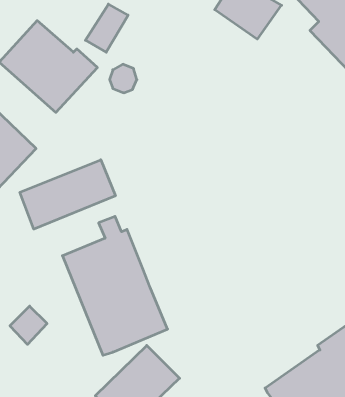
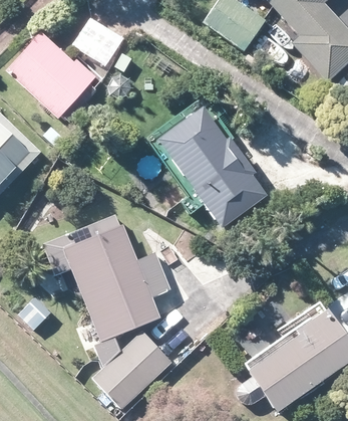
building: none -> [158,108,267,228]
building: [20,160,115,229] -> none

